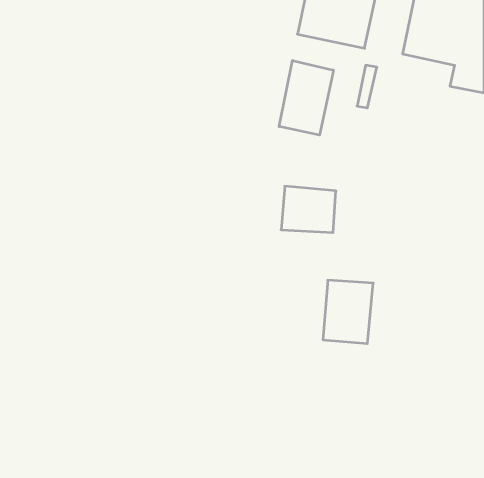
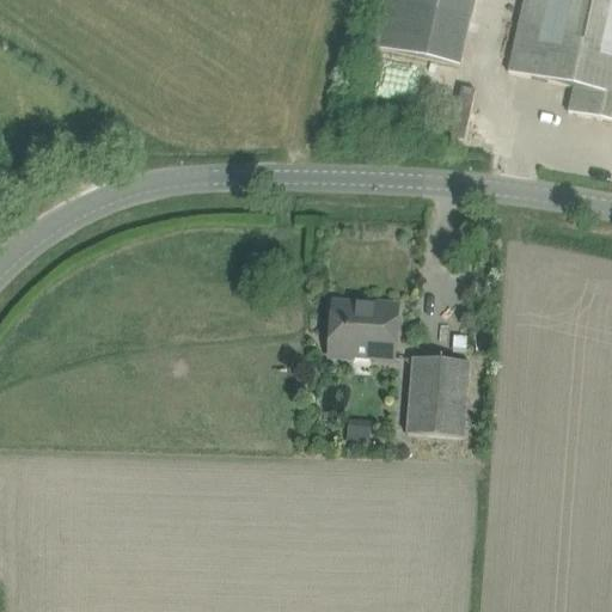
building: [279,60,333,135] -> none
building: [281,186,336,233] -> [329,296,398,355]

